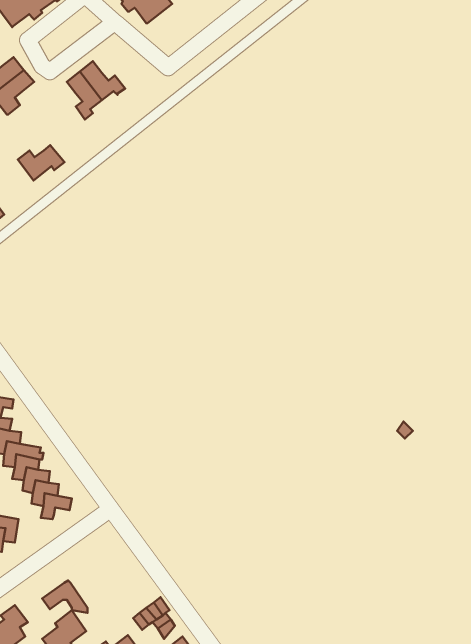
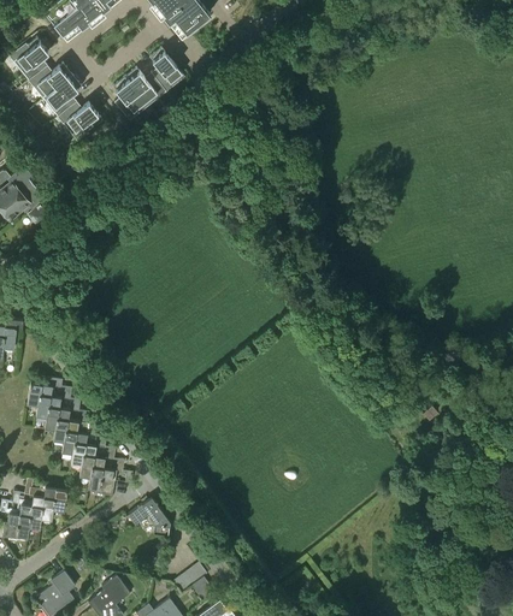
building: none -> [149,48,182,93]
building: [18,145,65,180] -> [58,103,101,136]
building: [42,580,88,613] -> [128,498,170,528]

